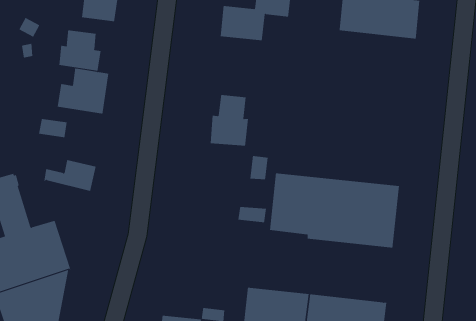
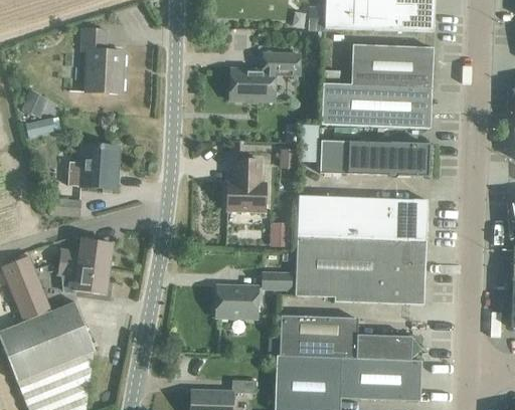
building: none -> [321,83,432,129]
building: [59,29,101,72] -> none
building: none -> [320,141,426,176]
building: none -> [297,196,427,240]
building: none -> [57,261,109,294]
building: none -> [215,285,258,319]
building: none -> [280,316,421,361]

